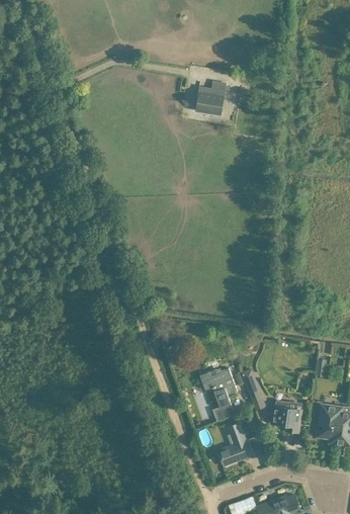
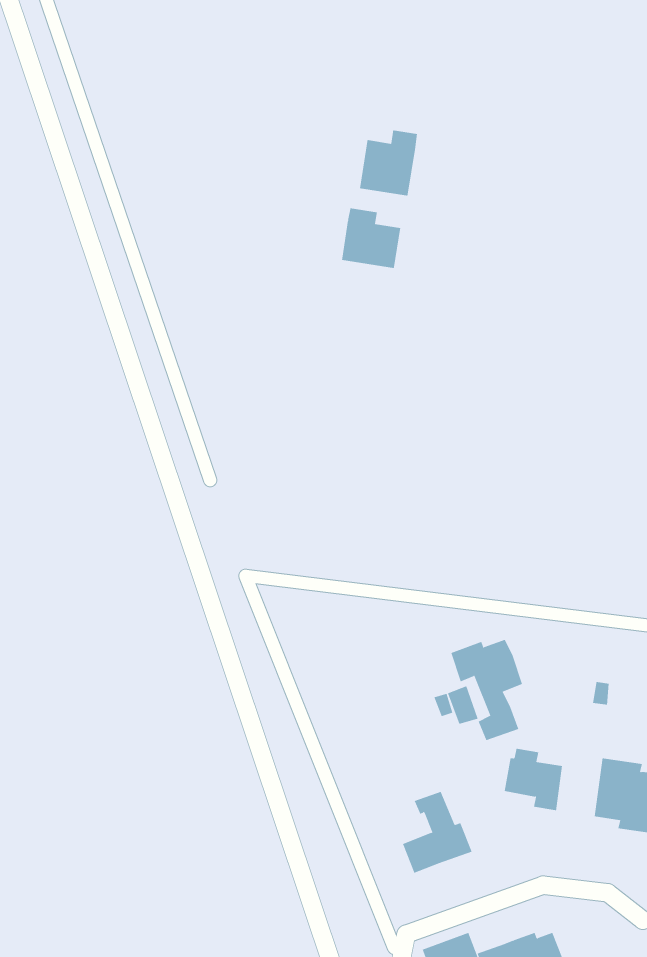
building: none -> [341,207,401,269]
building: [198,367,236,420] -> [450,639,523,741]

